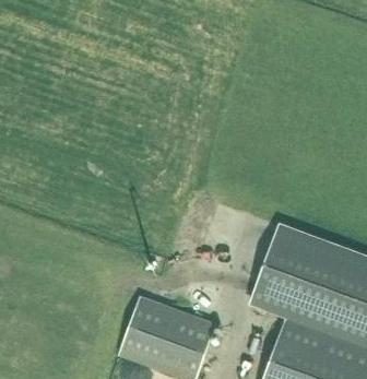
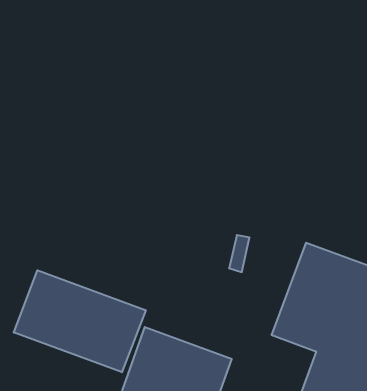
building: none -> [14,270,146,372]

